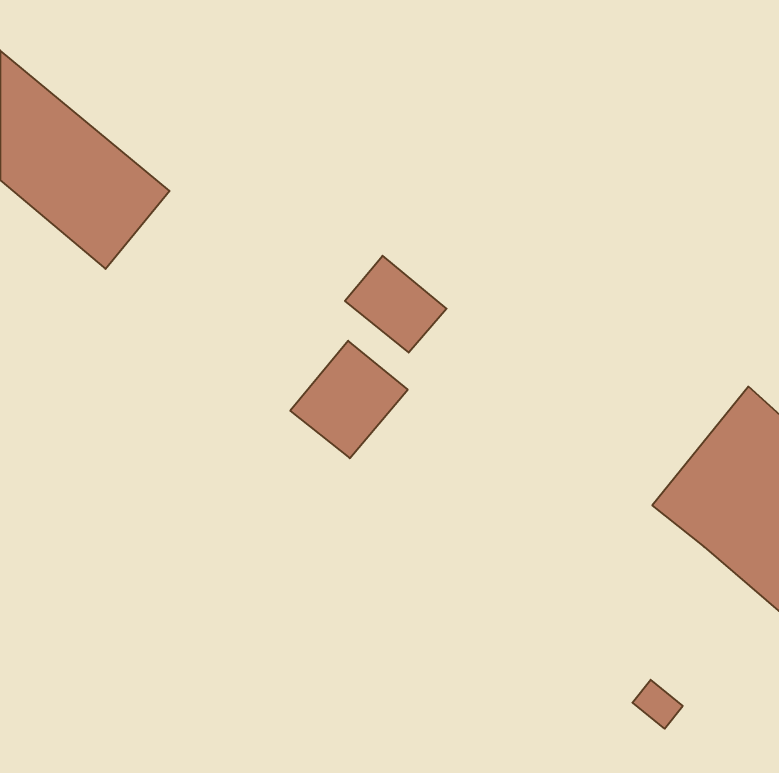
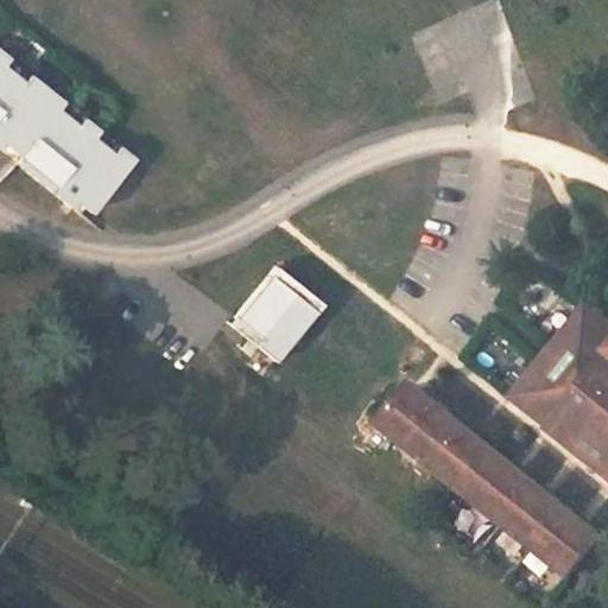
building: [345,256,447,353] -> none
building: none -> [381,386,597,577]

